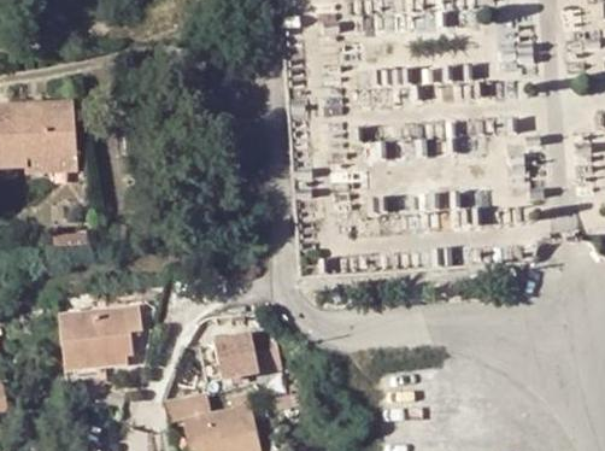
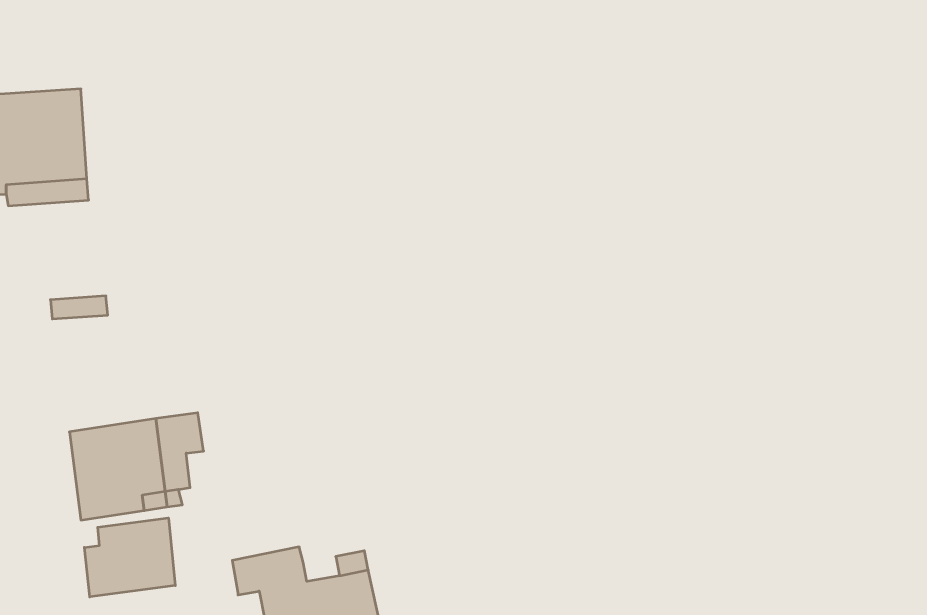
building: [212,320,258,377] -> none
building: none -> [84,518,175,597]

